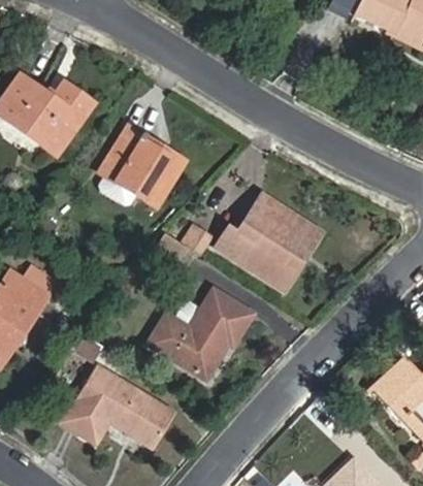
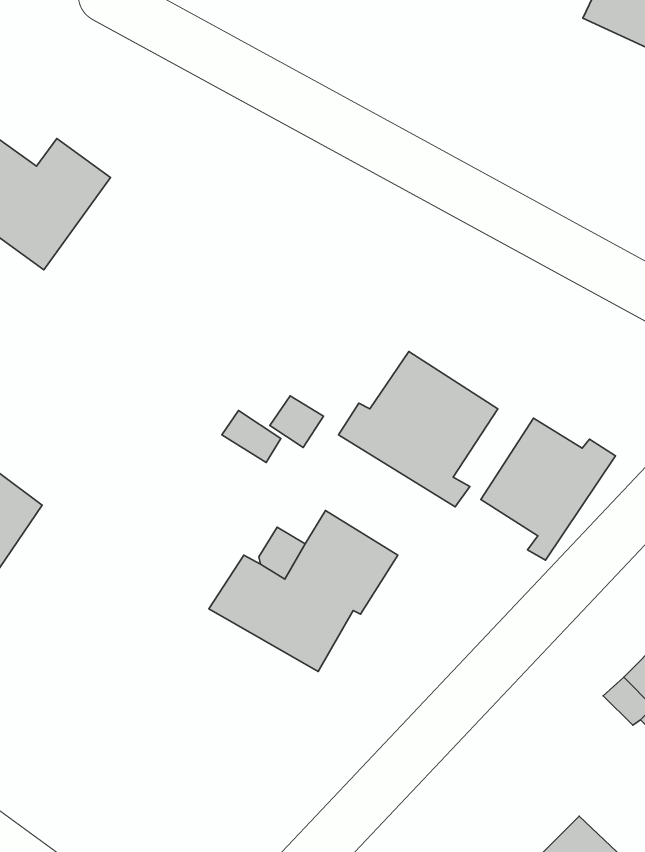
building: [99,128,184,207] -> none
building: none -> [481,418,615,560]
building: [60,365,175,450] -> none

